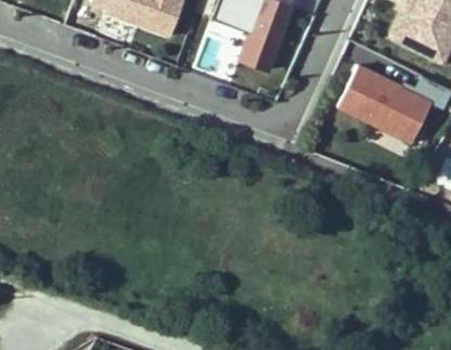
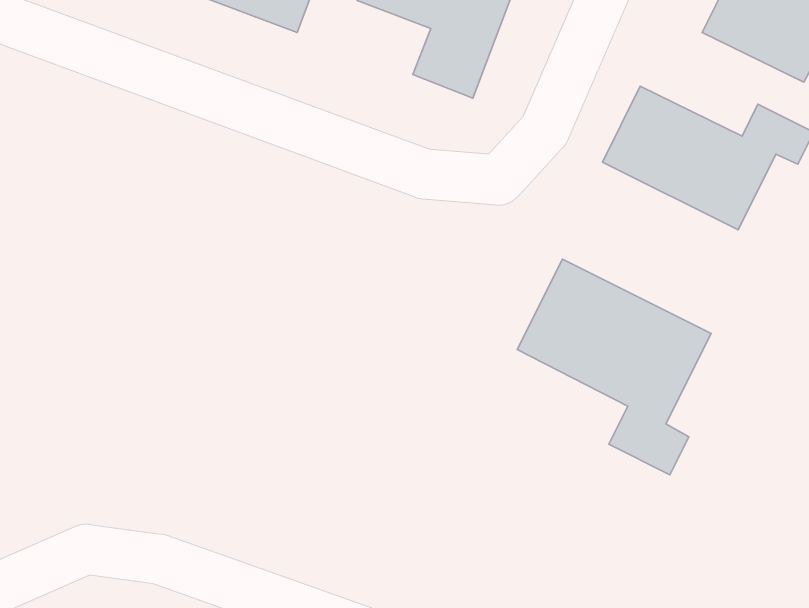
building: none -> [517,259,711,475]

